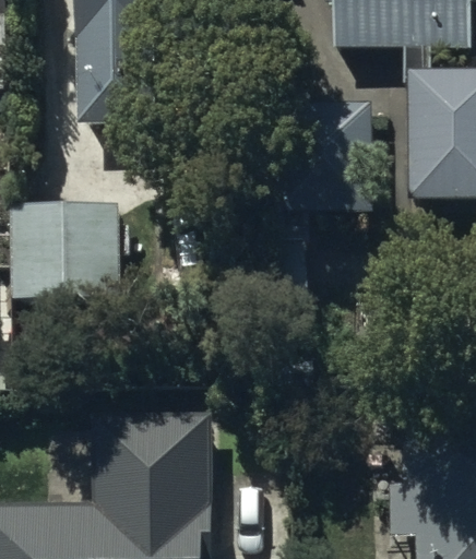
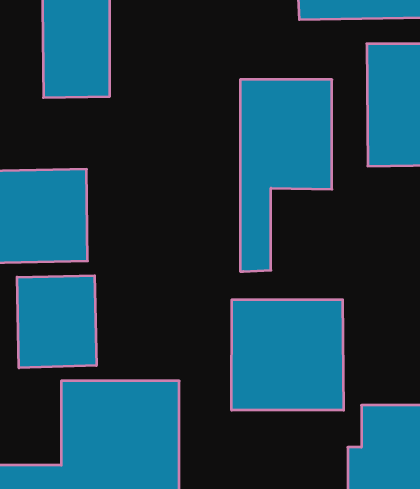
building: none -> [17,276,96,368]
building: none -> [232,300,344,410]

